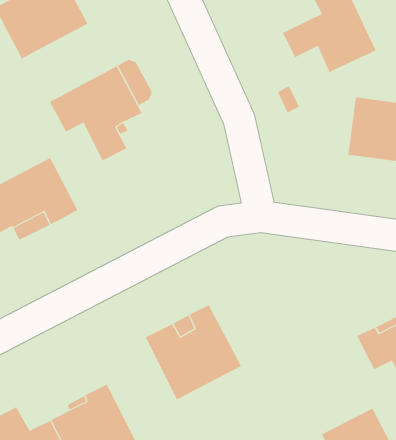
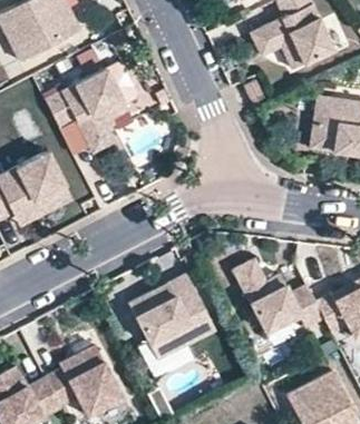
building: none -> [234,263,324,335]

